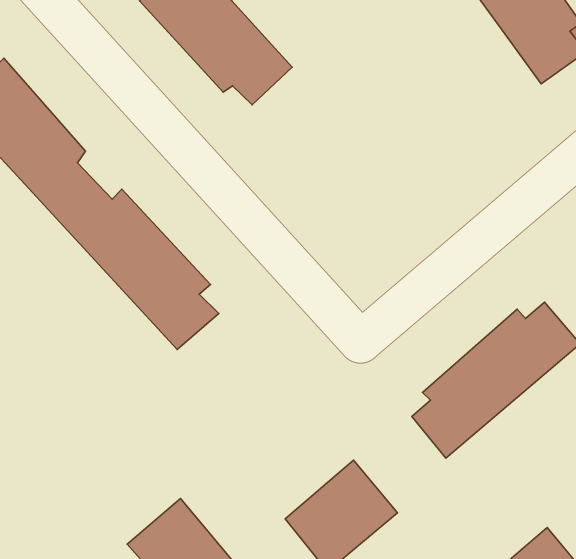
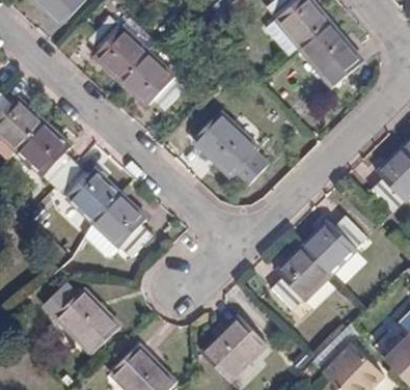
building: none -> [192,112,258,177]
building: none -> [54,288,121,355]

